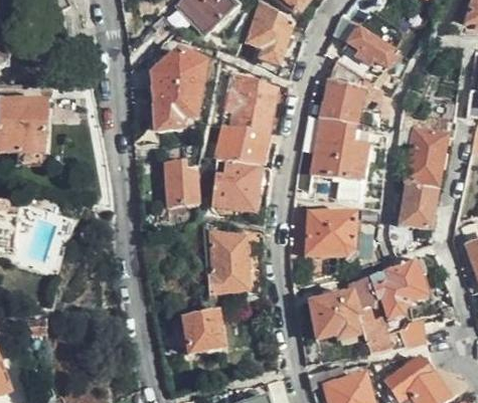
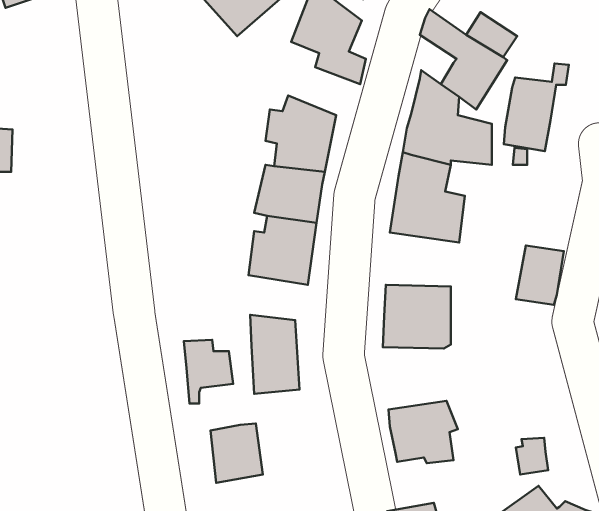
building: [151,51,205,129] -> none
building: [409,121,455,183] -> [504,63,569,151]
building: [163,175,198,220] -> [184,340,233,403]
building: [350,256,427,340] -> none

